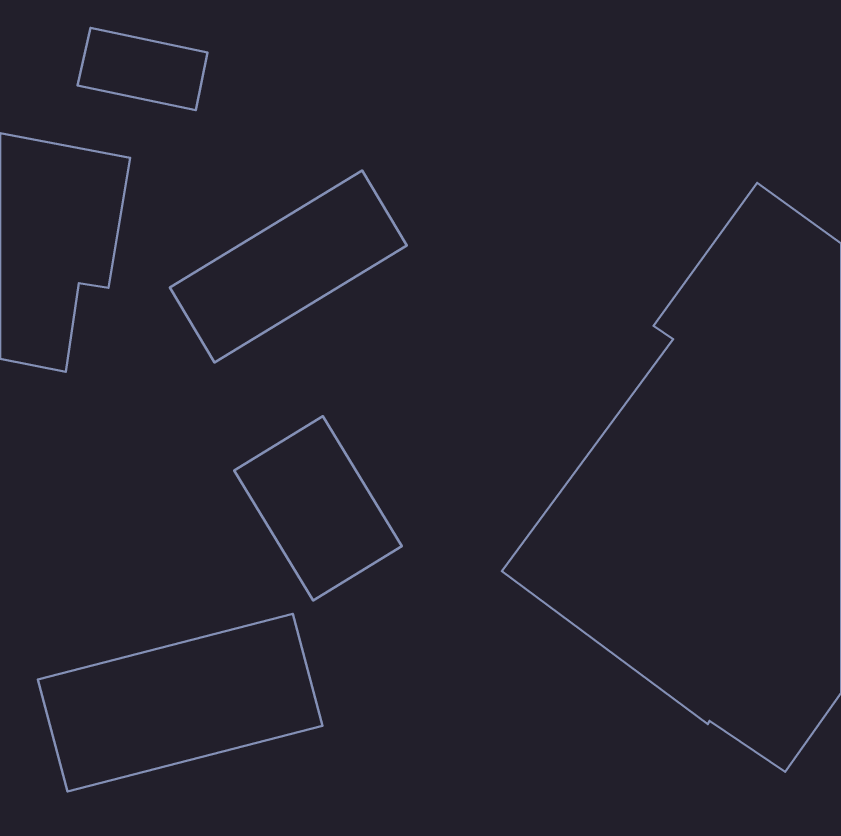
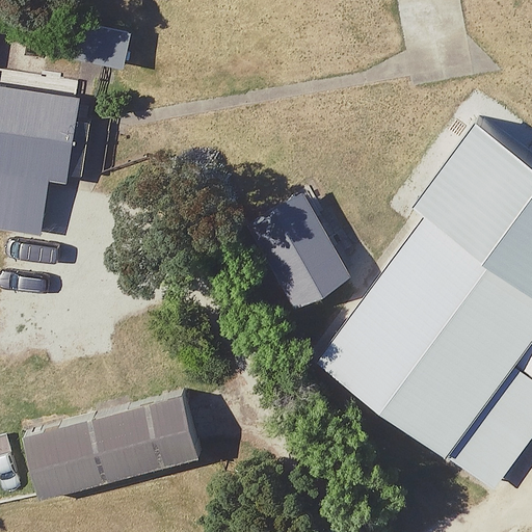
building: [170,171,407,362] -> none
building: [234,416,402,600] -> [247,192,353,309]

